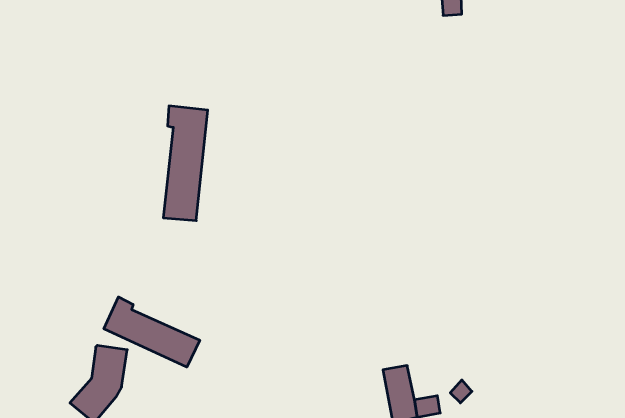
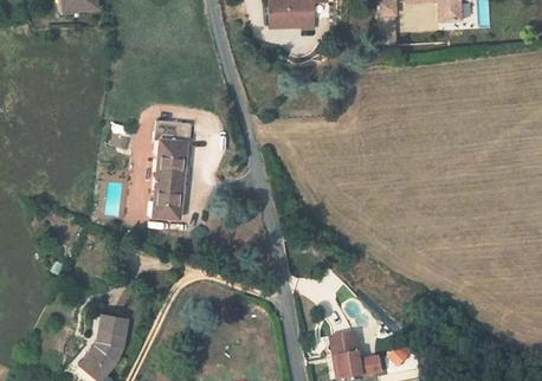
building: [104,297,200,367] -> none

